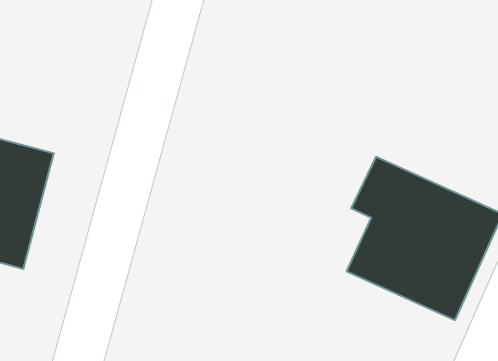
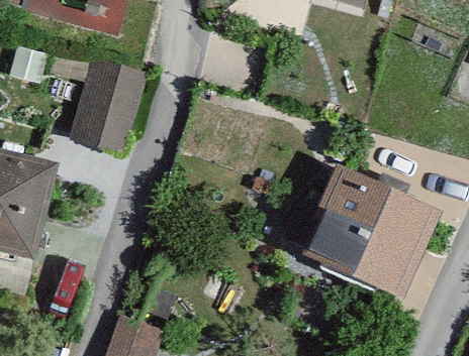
building: none -> [70,51,146,151]

